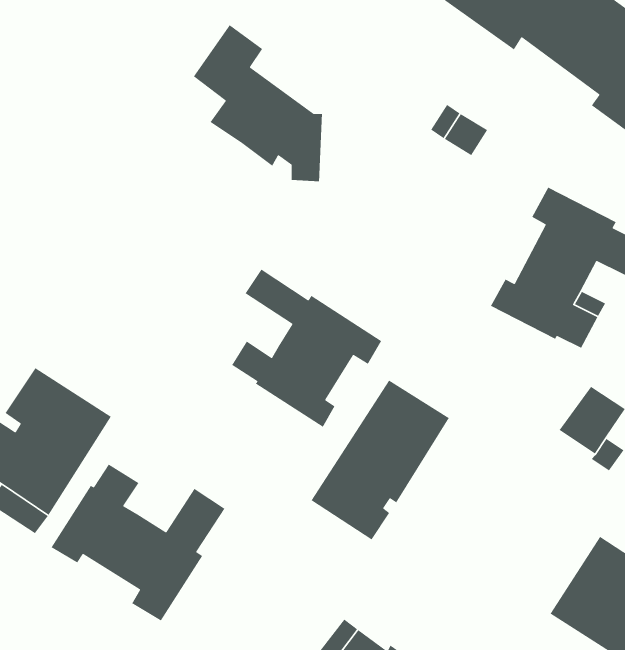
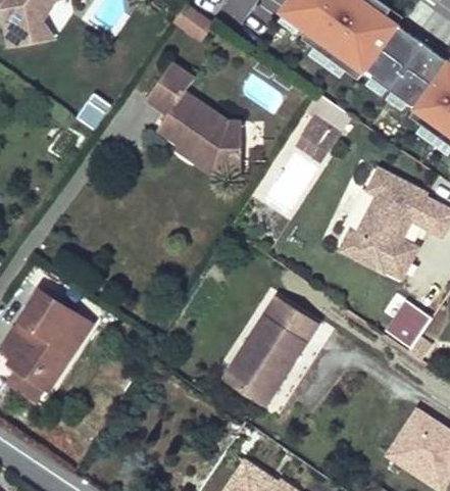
building: none -> [173,121,240,173]
building: [231,269,382,428] -> none
building: [51,464,226,621] -> none

